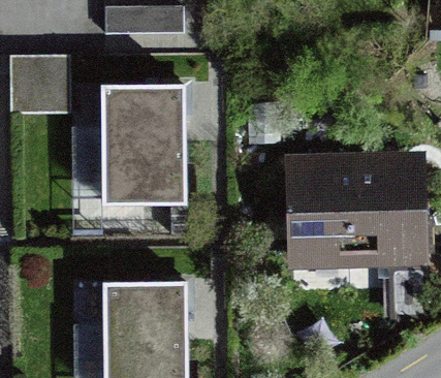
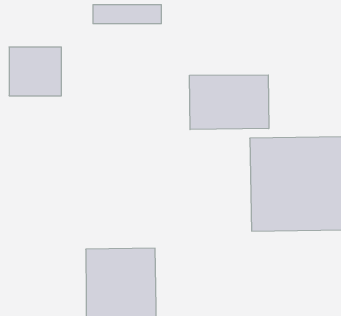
building: none -> [190,75,269,130]
building: [100,89,181,207] -> none

